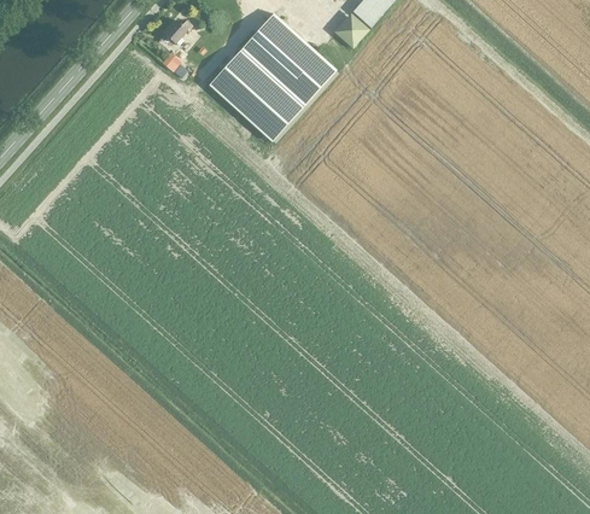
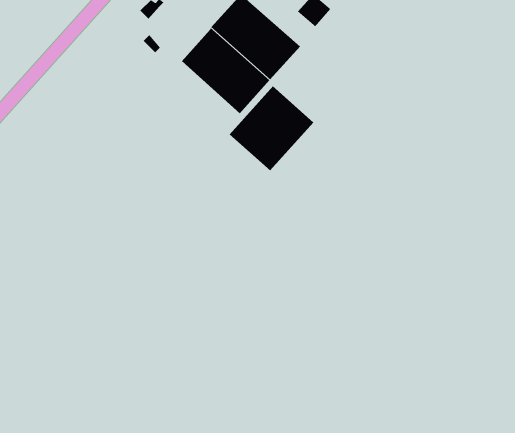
building: none -> [229,86,314,171]

